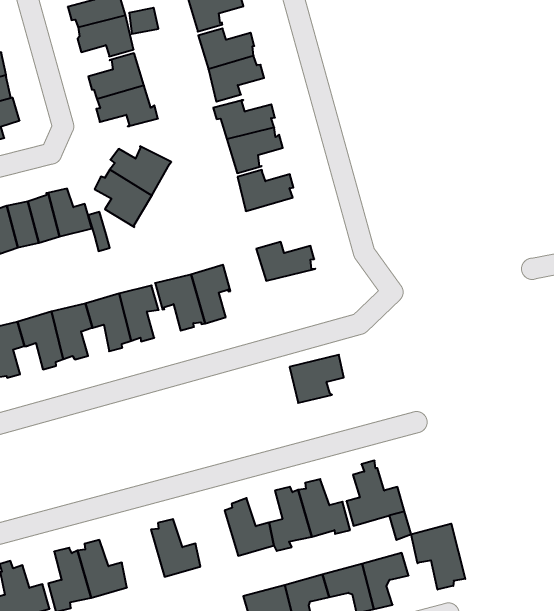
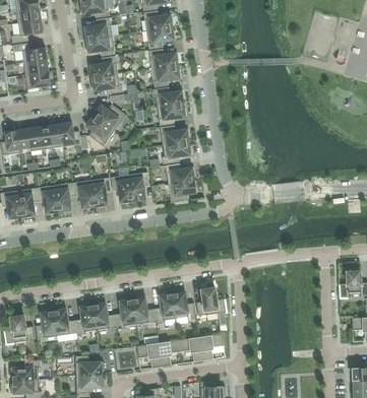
building: none -> [162,141,191,163]
building: [290,355,344,403] -> [168,180,195,202]
building: none -> [114,297,135,330]
building: [411,524,465,590] -> none
building: none -> [74,303,96,335]

